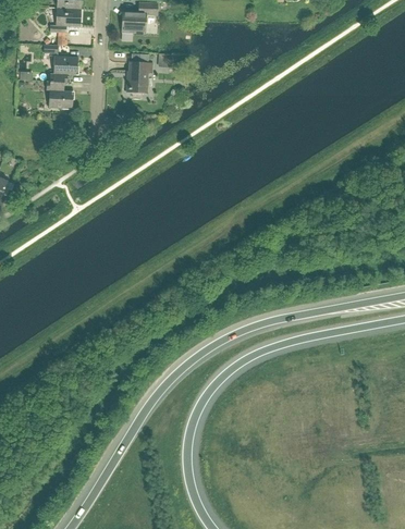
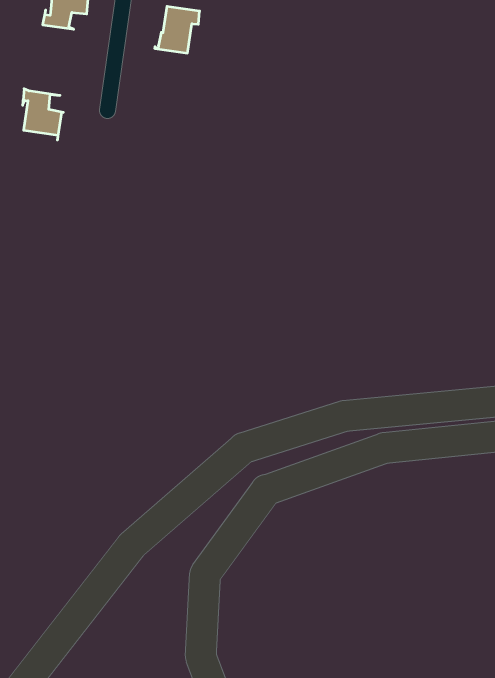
building: [46,81,73,112] -> [23,89,63,140]

